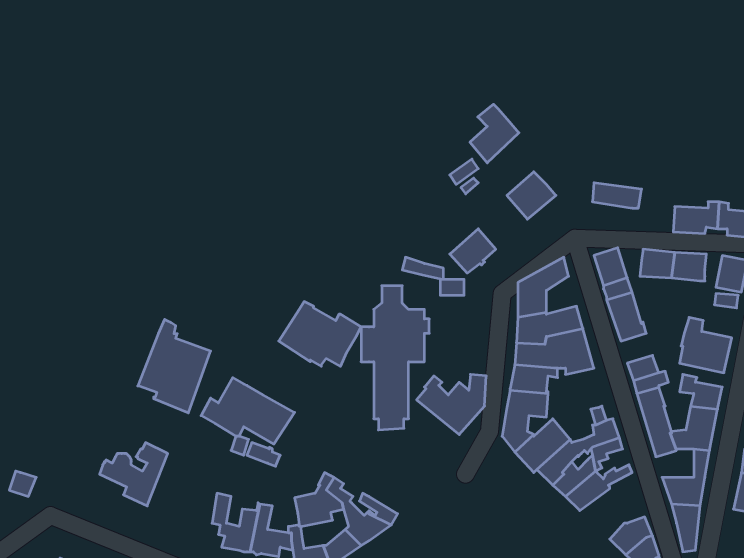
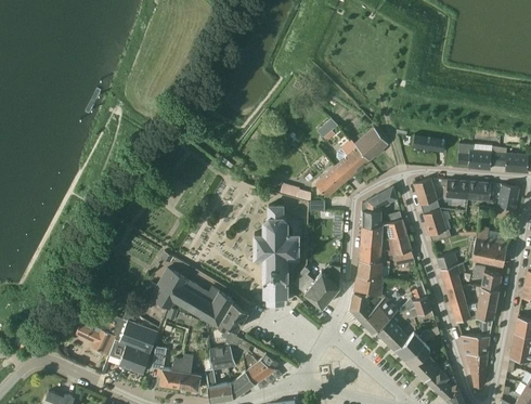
building: [470,104,519,163] -> [335,141,368,181]
building: [279,302,361,366] -> [195,287,251,331]
building: [138,319,211,413] -> [108,311,158,375]
building: none -> [404,343,437,379]

